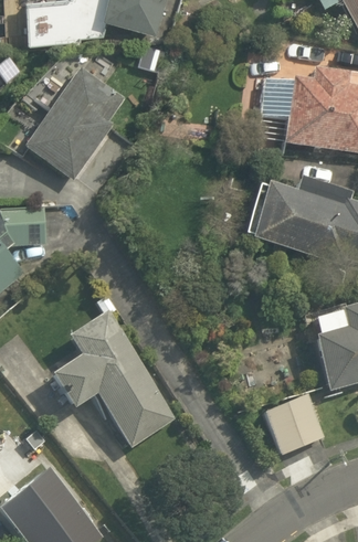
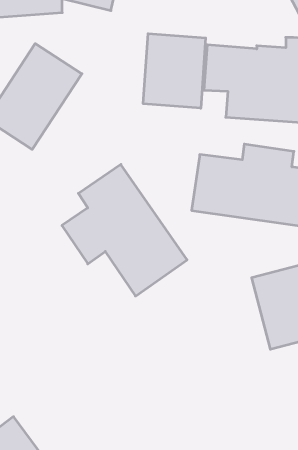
building: none -> [143,34,206,108]
building: [50,308,183,448] -> [62,164,187,296]
building: [260,390,325,458] -> none

